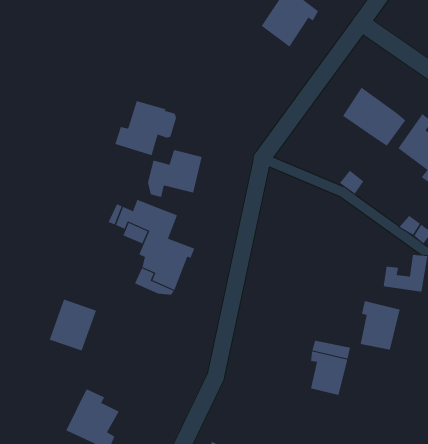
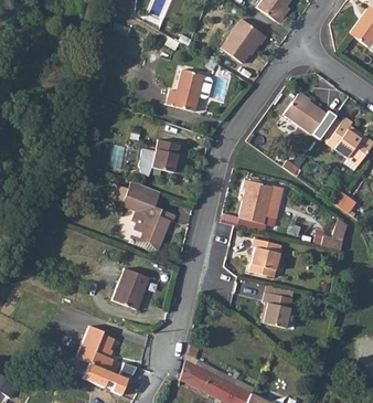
building: [114,100,177,156] -> [163,70,211,112]
building: none -> [241,179,274,222]
building: [49,299,97,351] -> [114,268,150,308]
building: [360,301,401,350] -> [251,237,281,275]

